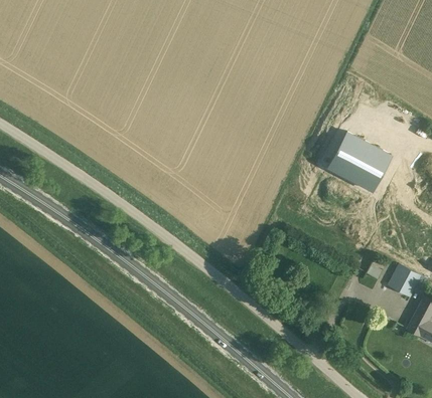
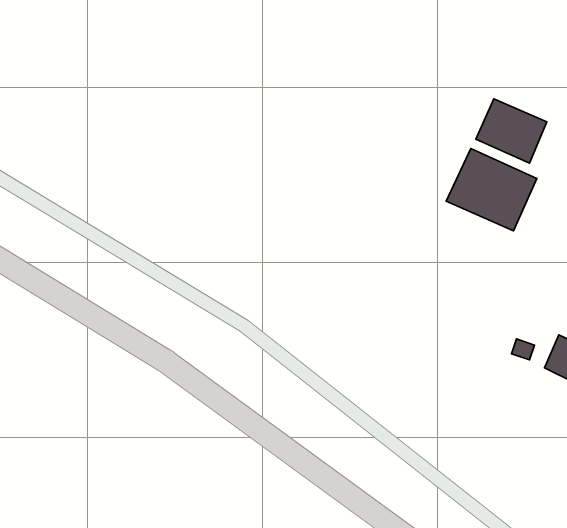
building: none -> [476,99,547,163]

